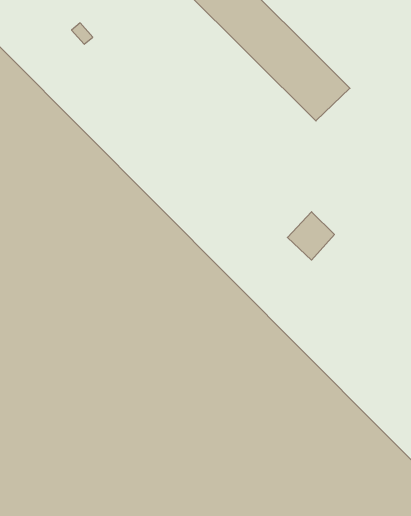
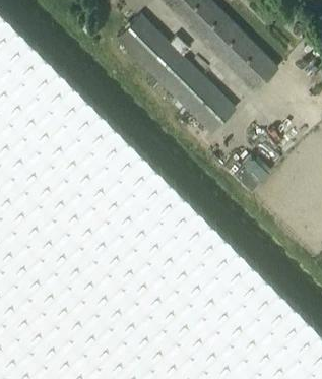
building: none -> [116,16,235,134]

